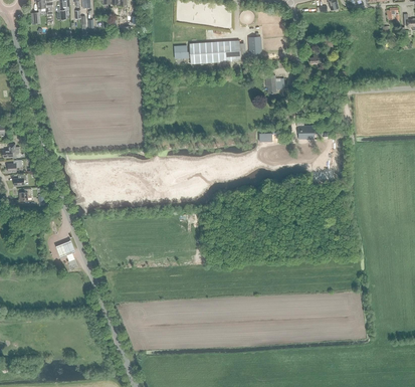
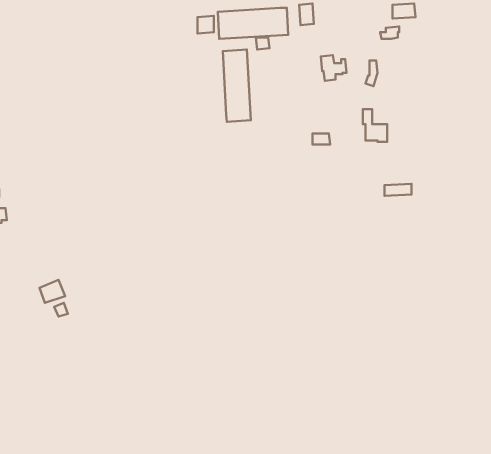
building: none -> [223,50,251,122]

